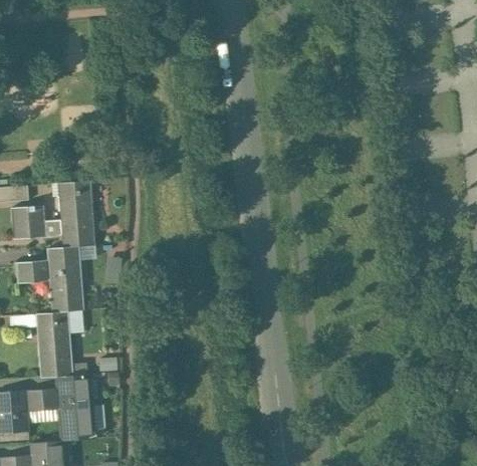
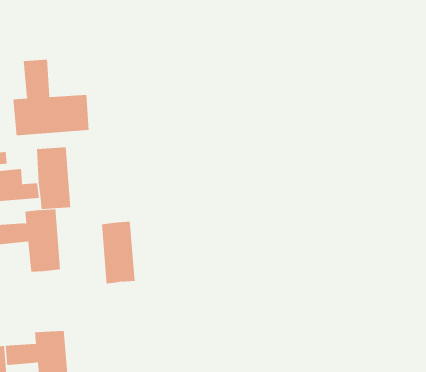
building: none -> [13,59,89,136]
building: [36,312,72,379] -> [101,221,135,284]

